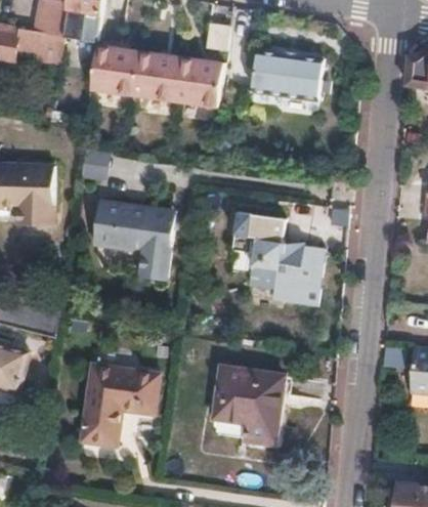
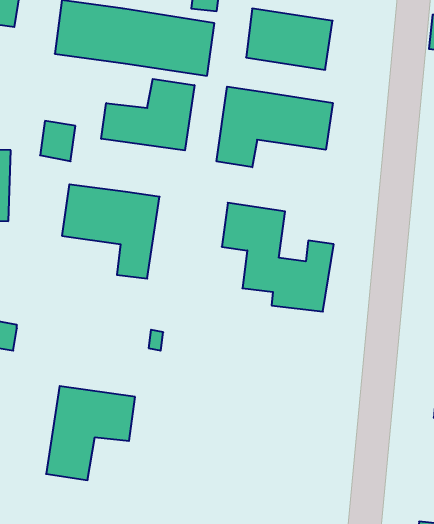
building: none -> [101,79,194,150]
building: none -> [217,87,333,167]
building: [212,366,282,443] -> none

